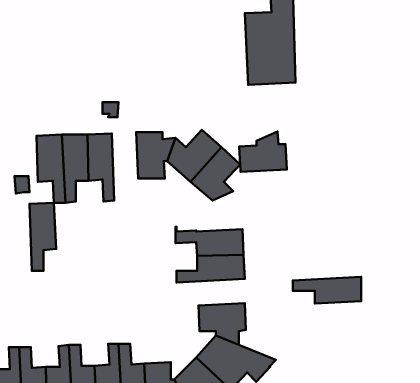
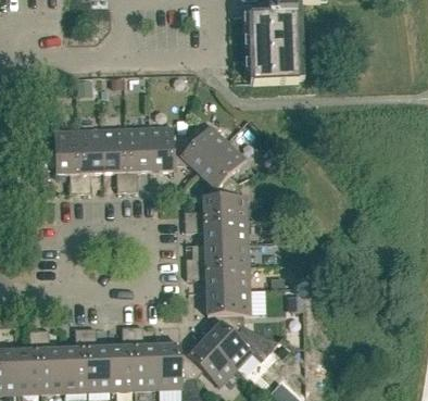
building: [239,132,287,172] -> [202,183,247,221]
building: [30,203,56,271] -> [124,127,149,191]
building: [293,277,361,303] -> [185,265,249,290]

